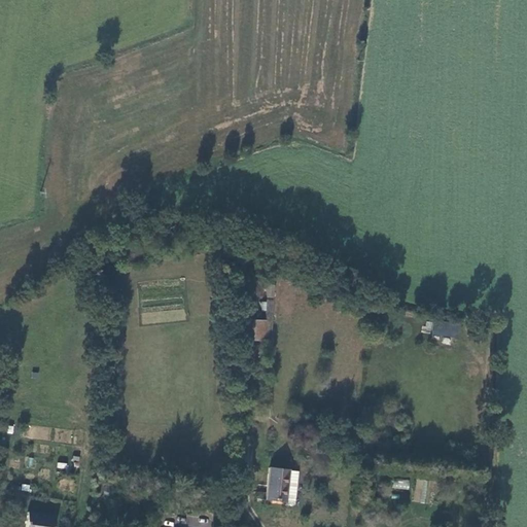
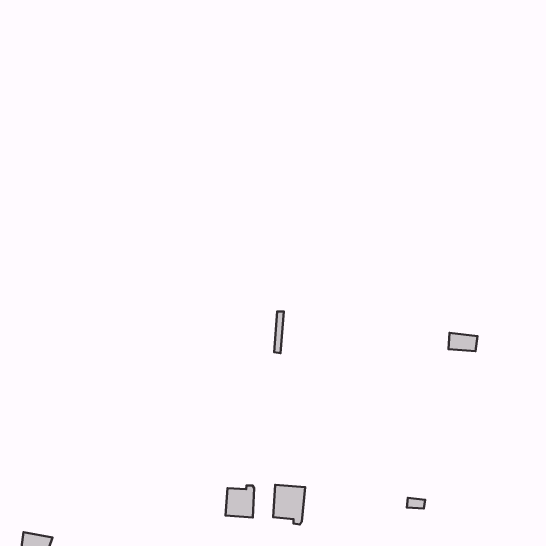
building: none -> [225,485,254,517]

